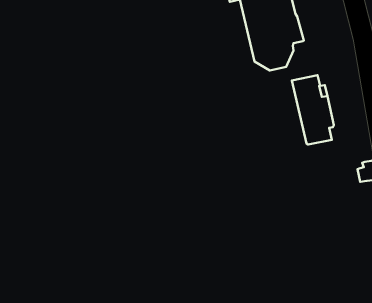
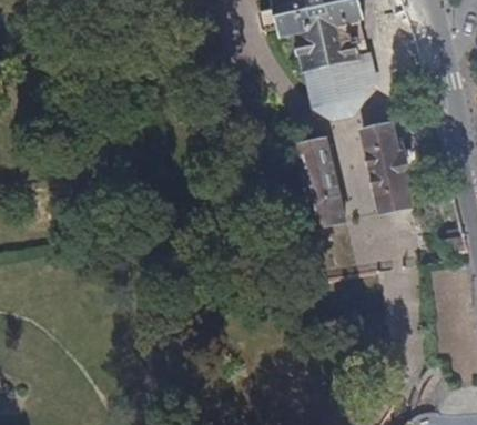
building: none -> [295,139,345,221]

